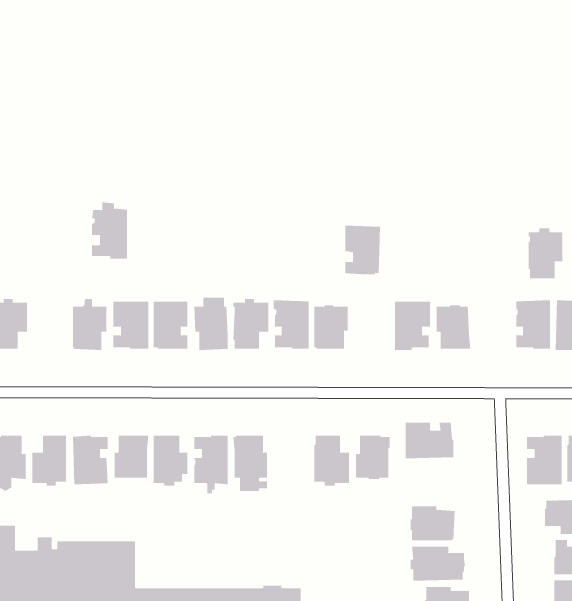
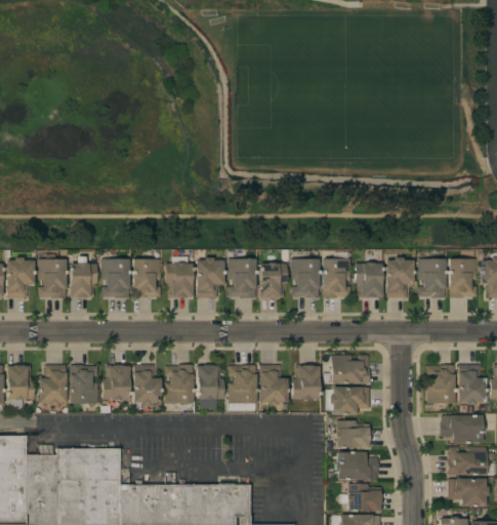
building: [91,202,128,259] -> [38,253,67,298]
building: [344,225,381,275] -> [291,258,320,297]
building: [528,228,563,279] -> [386,257,414,297]
building: none -> [227,365,256,410]
building: none -> [326,387,370,415]

